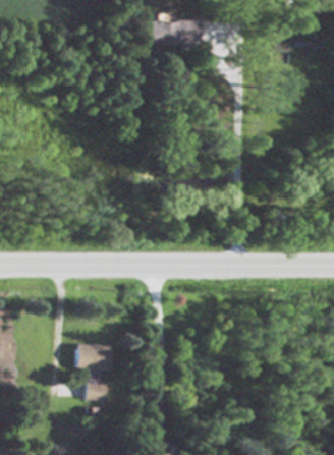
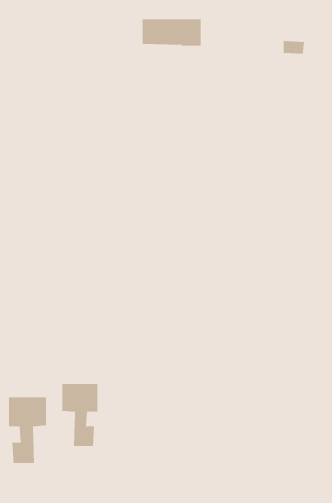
building: none -> [8,396,46,464]

